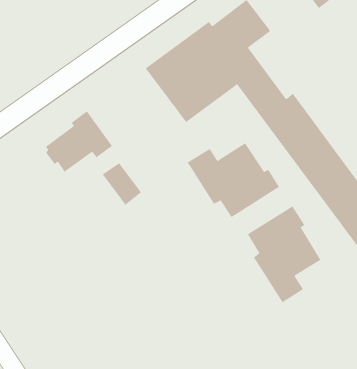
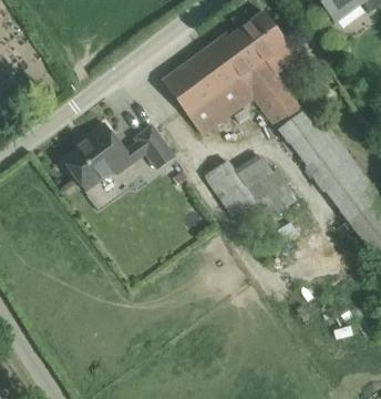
building: [102,162,142,206] -> [135,126,175,170]
building: [247,205,321,303] -> none

